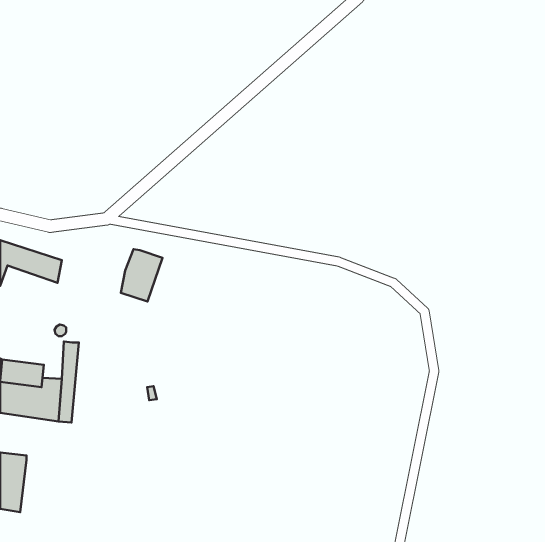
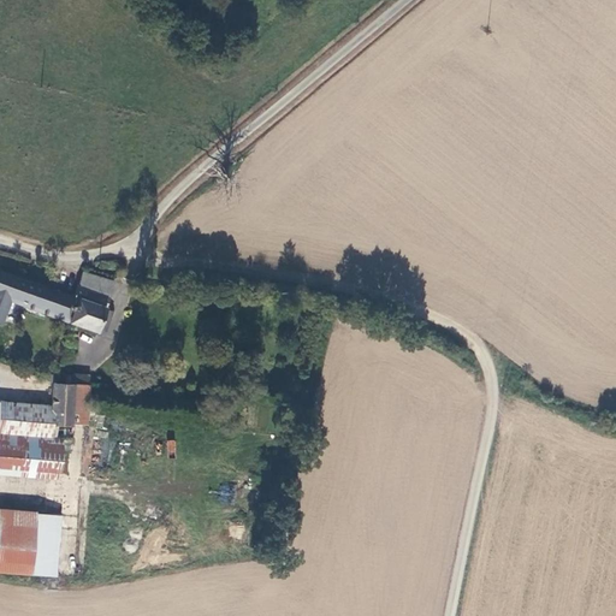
building: [121,249,162,301] -> [65,270,112,328]
building: none -> [48,383,72,427]
building: none -> [23,519,52,580]

